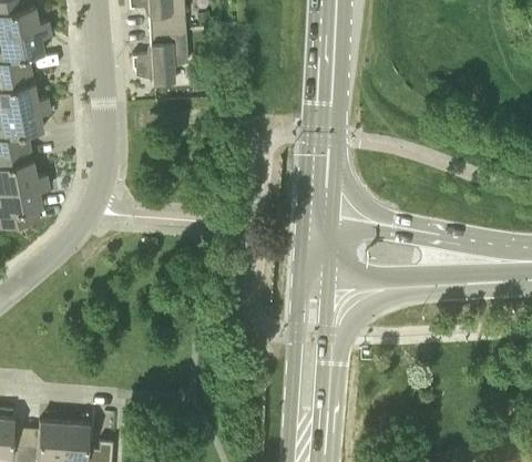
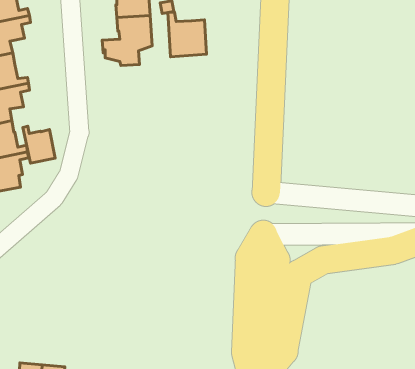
building: none -> [168,12,207,57]
building: none -> [23,126,55,163]

